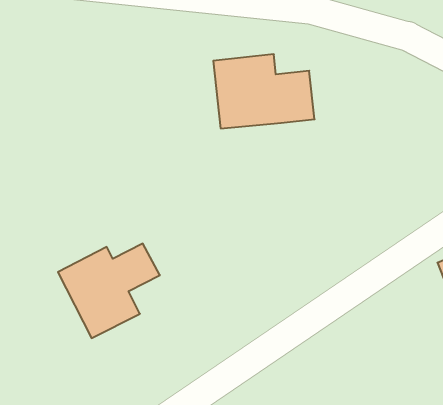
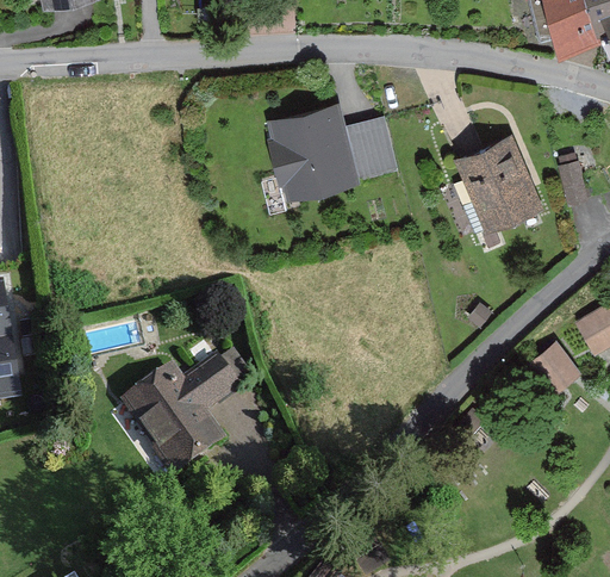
building: none -> [453,135,542,234]
building: none -> [527,335,581,391]

